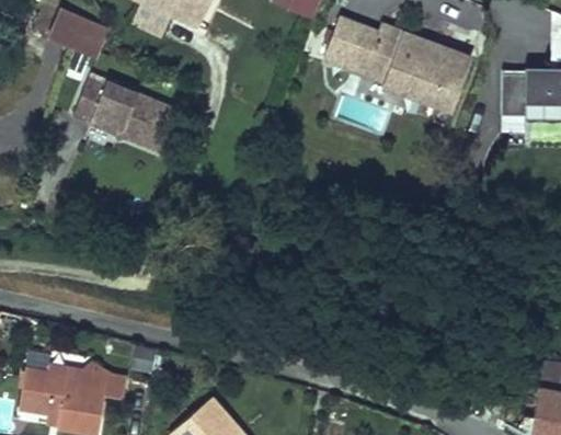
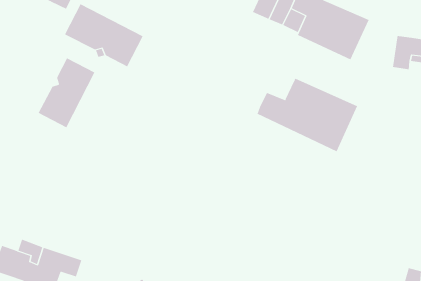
building: none -> [257,78,358,152]
building: none -> [38,58,95,128]

